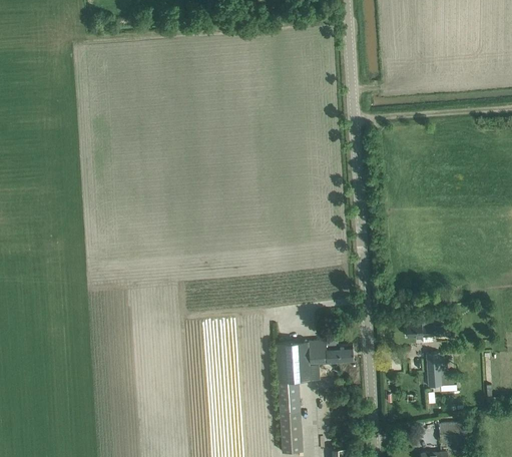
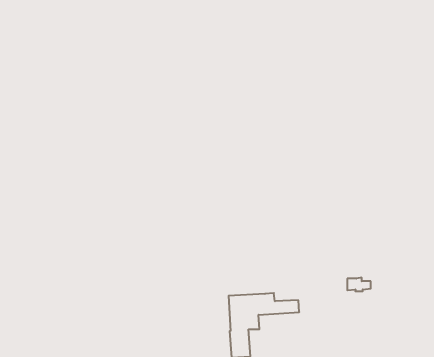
building: [428,354,444,388] -> none

